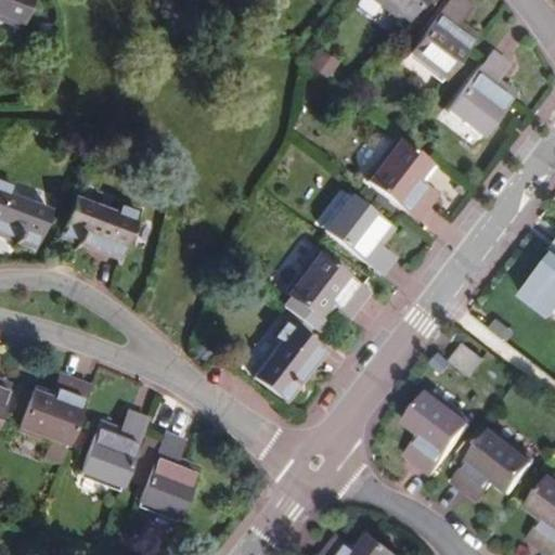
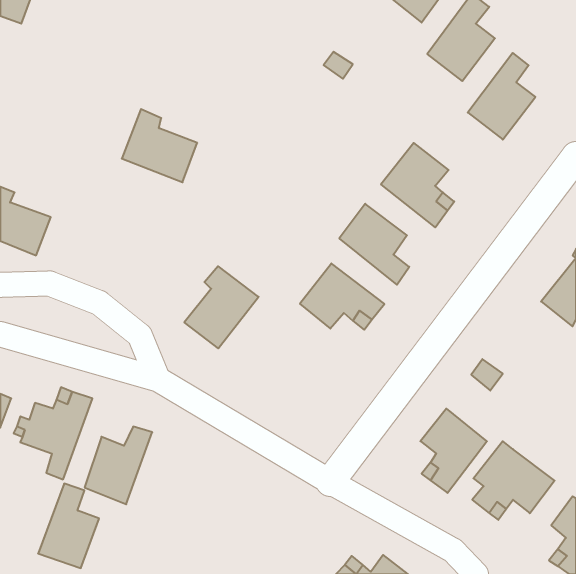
building: [61,185,133,256] -> [122,109,197,182]
building: [254,321,325,400] -> [184,266,259,348]
building: [139,433,197,514] -> [38,484,99,568]

